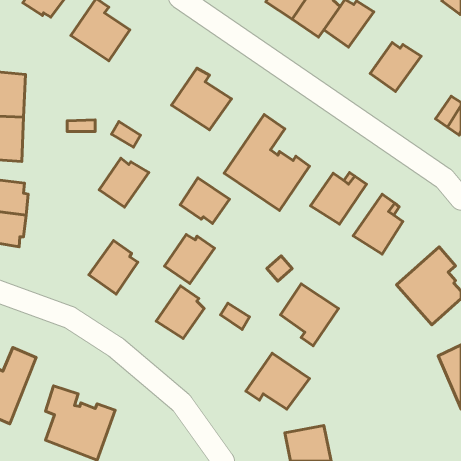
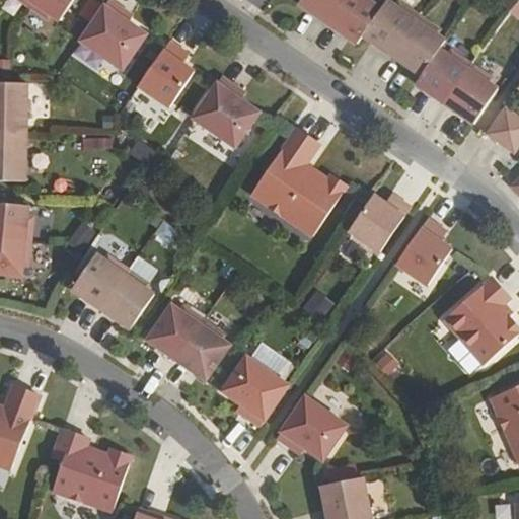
building: none -> [389,13,444,73]
building: none -> [137,41,195,106]
building: none -> [442,63,497,123]
building: [99,158,149,207] -> [71,252,127,307]
building: [180,178,229,223] -> none
building: [164,235,214,284] -> [146,304,202,359]
building: [280,284,339,346] -> [222,356,287,425]

